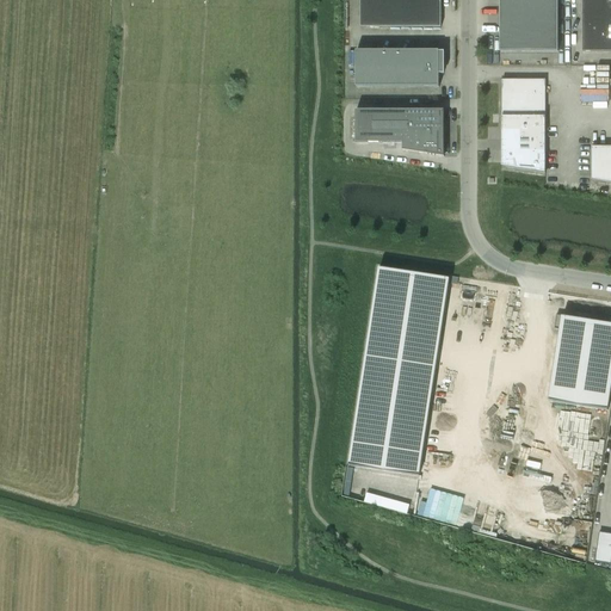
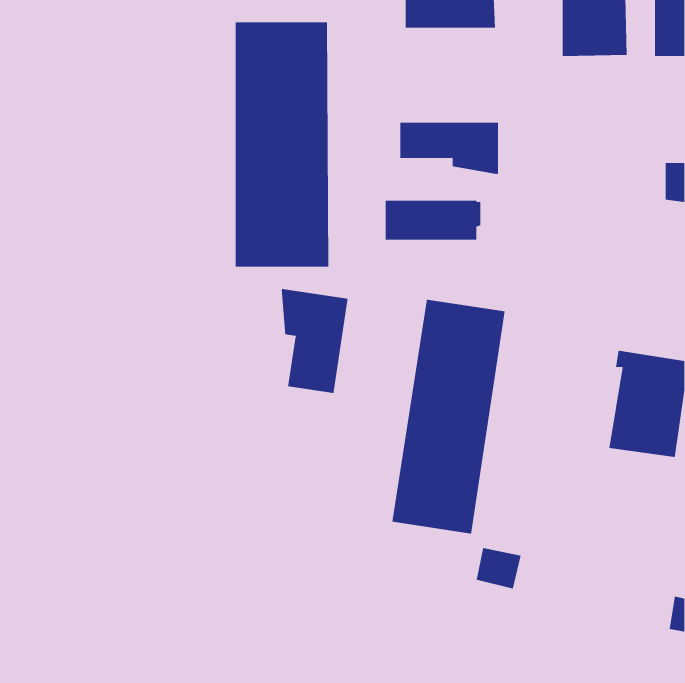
building: none -> [235,22,329,267]
building: [357,49,443,85] -> [385,200,481,240]
building: [502,78,545,171] -> none
building: none -> [281,288,348,394]

